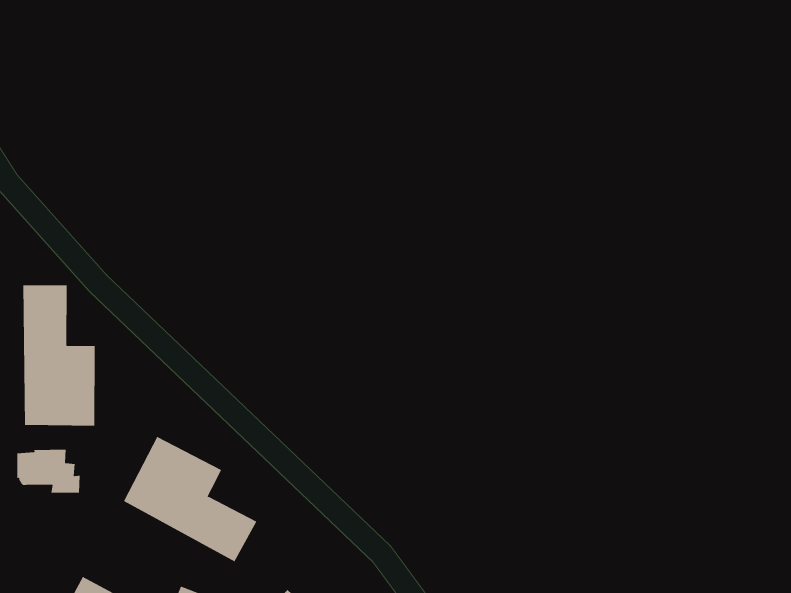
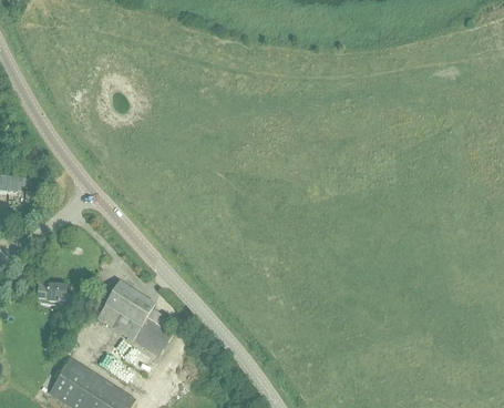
building: [23,284,95,426] -> none

